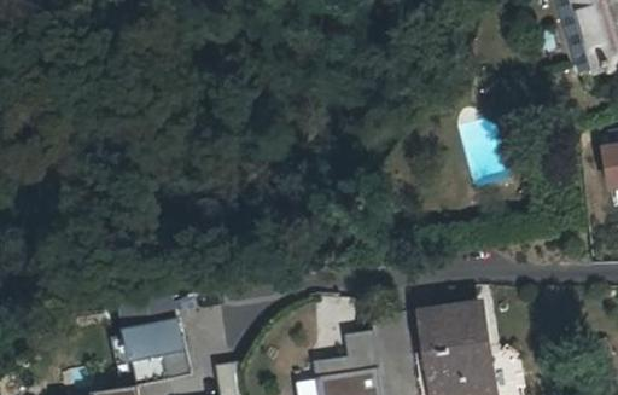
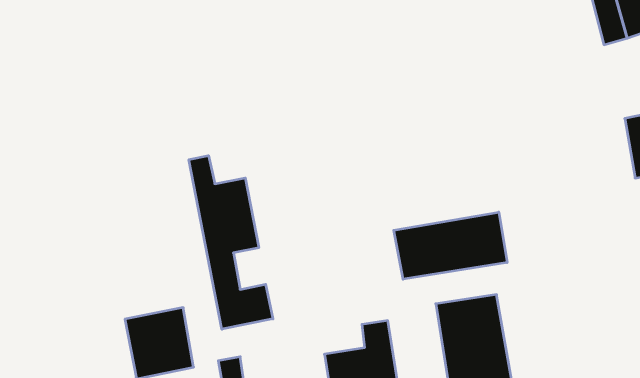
building: none -> [189,156,273,329]
building: none -> [394,212,507,279]

